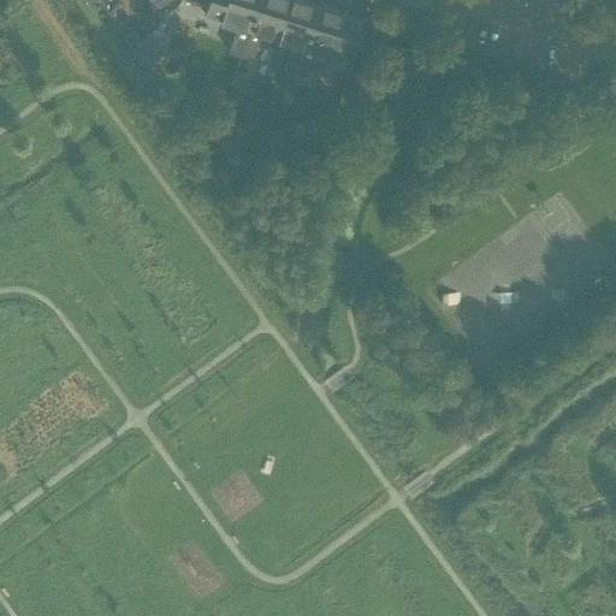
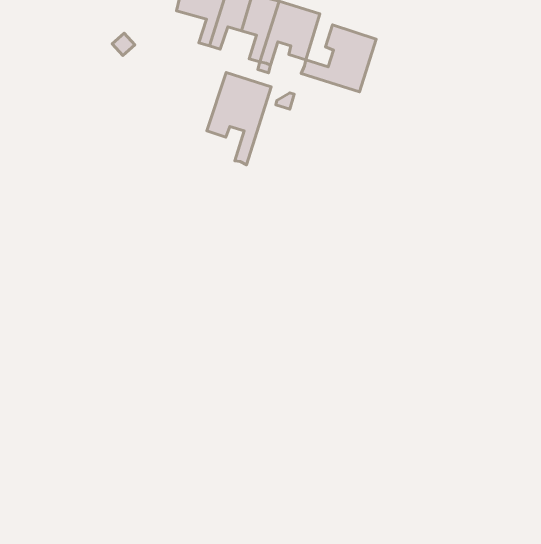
building: none -> [301,25,376,92]
building: none -> [207,72,271,165]

